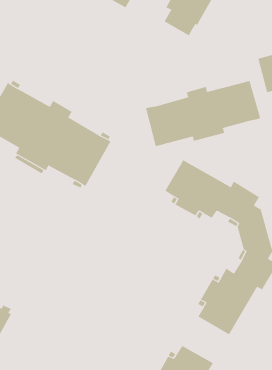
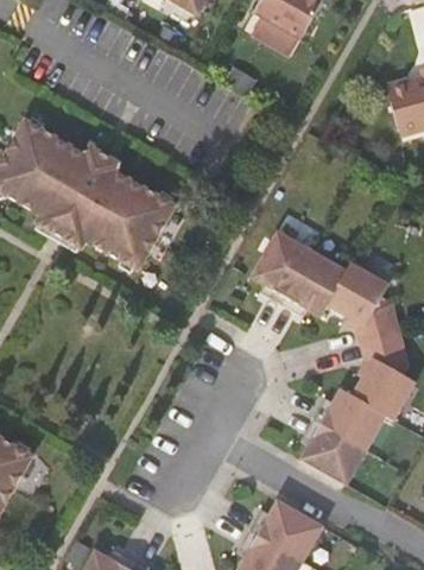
building: [145,80,261,147] -> none

